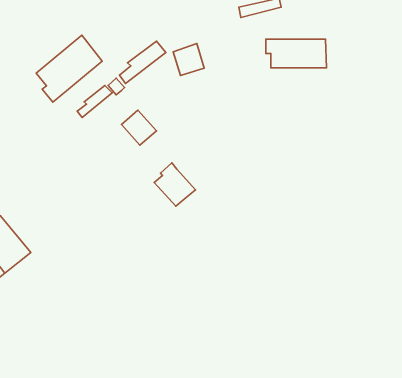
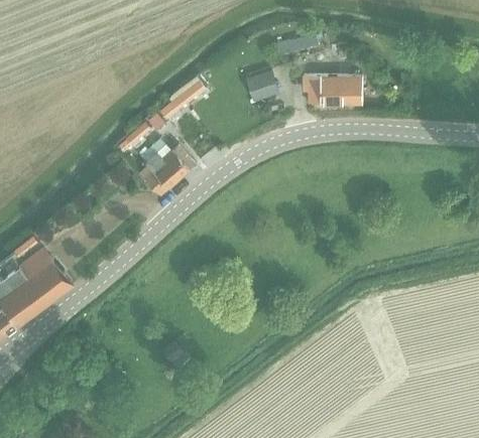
building: [36,35,102,102] -> none
building: [173,44,204,76] -> [247,70,277,102]
building: [154,163,195,206] -> [139,153,179,195]

